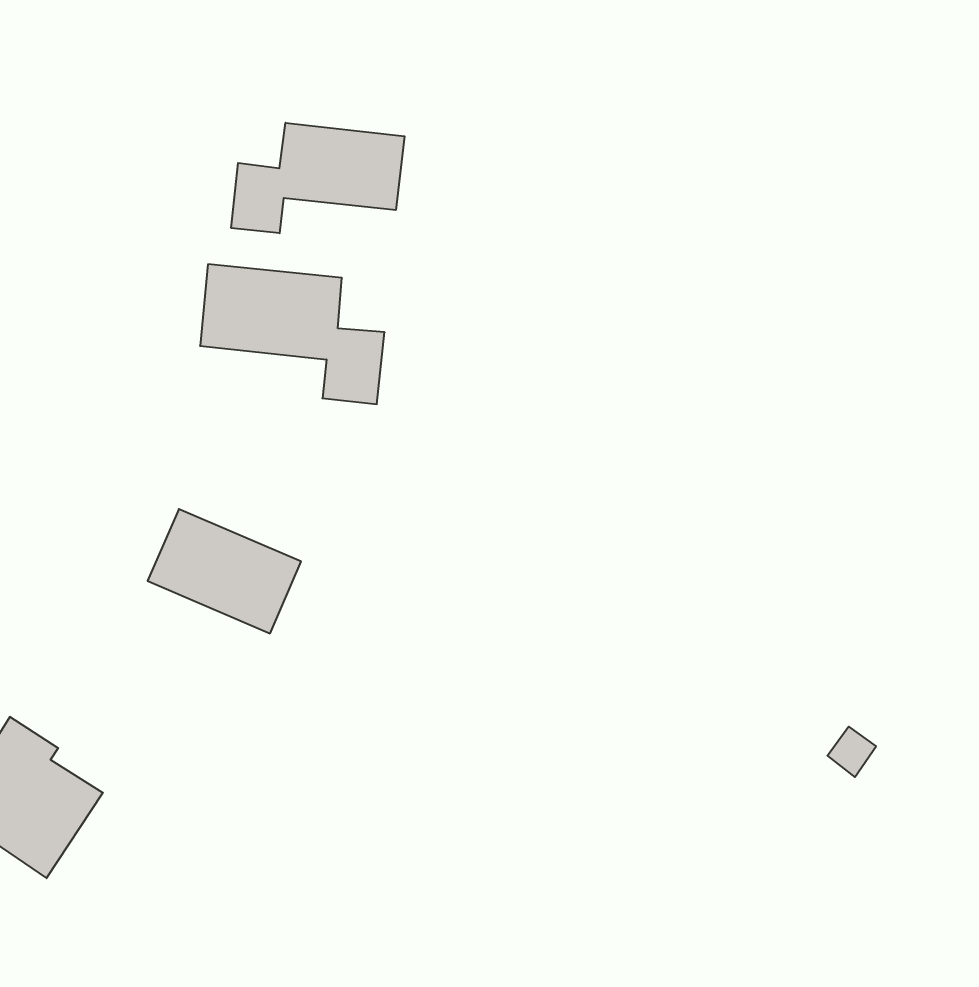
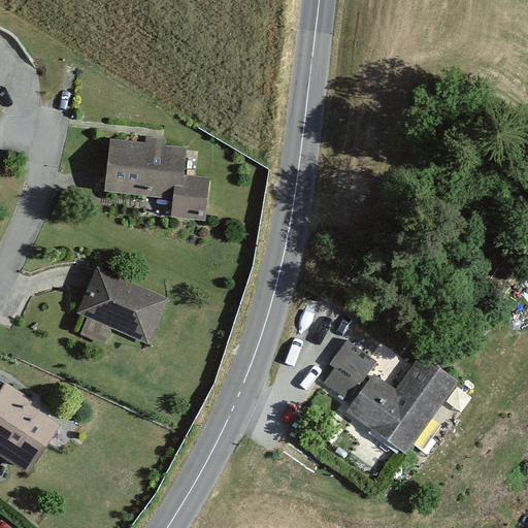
building: [231,123,405,233] -> none
building: none -> [327,342,455,444]

